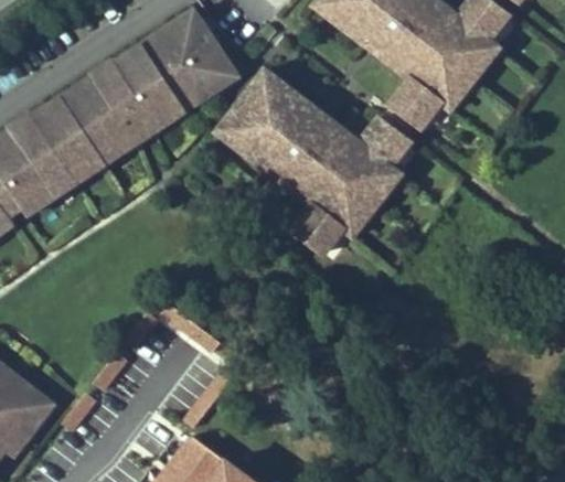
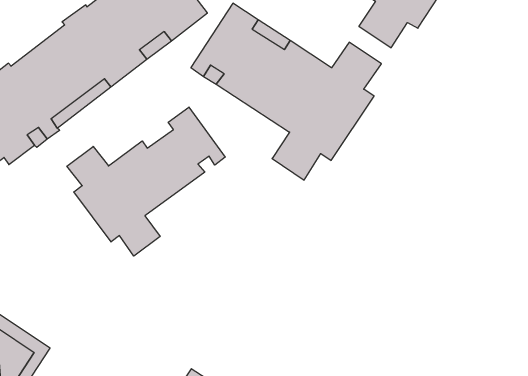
building: none -> [67,107,225,256]

